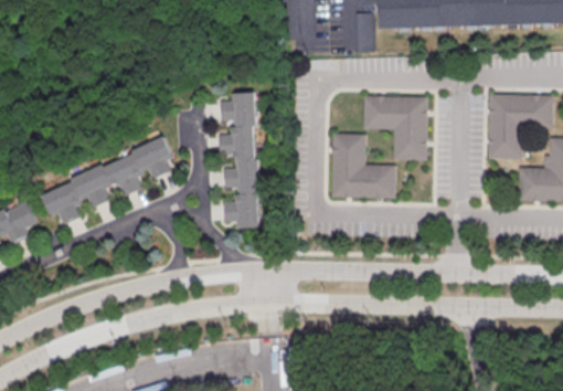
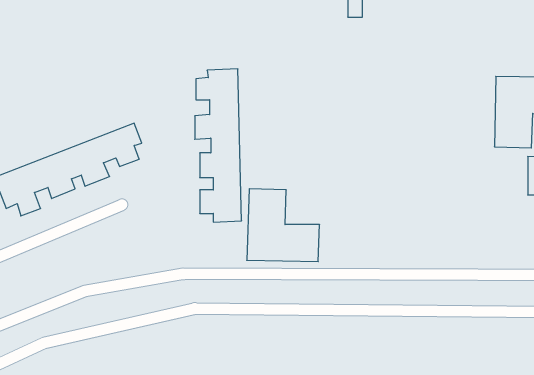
building: [362,98,427,163] -> none
building: [330,136,395,201] -> [247,189,320,262]

